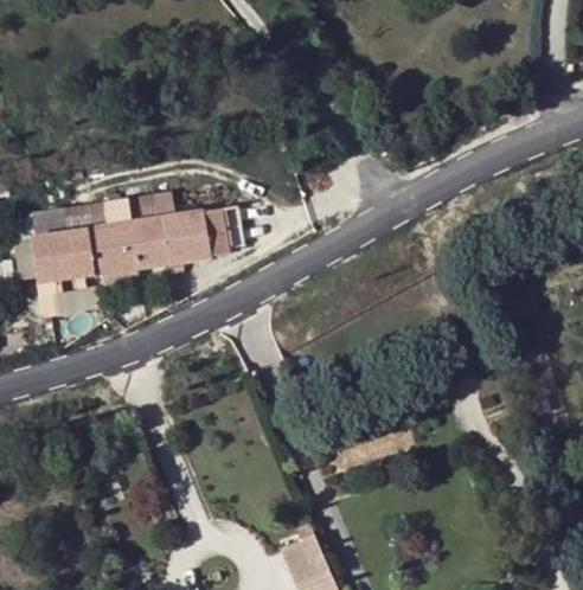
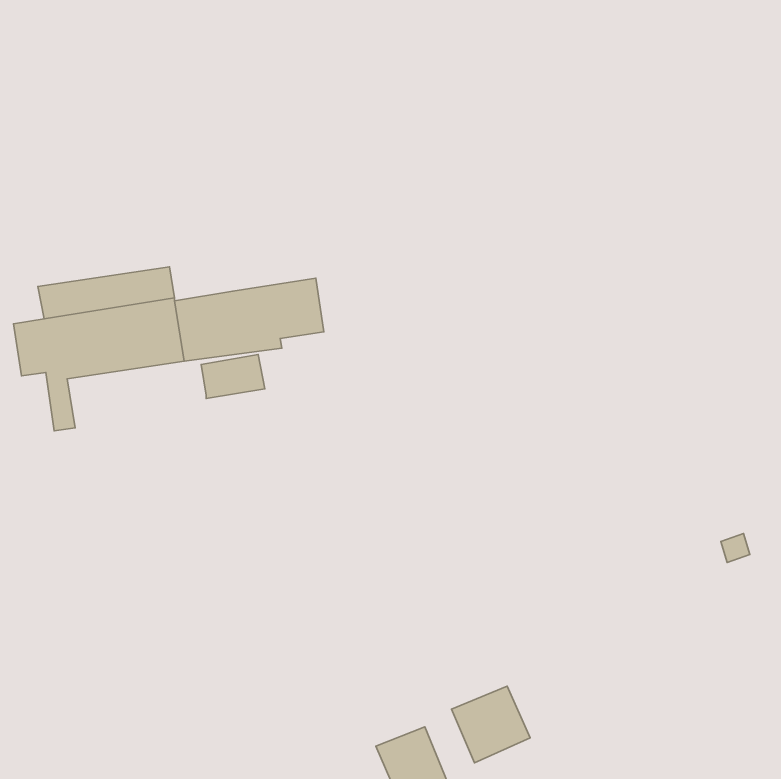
building: [130,193,177,225] -> [201,355,265,398]
building: none -> [452,686,530,763]

